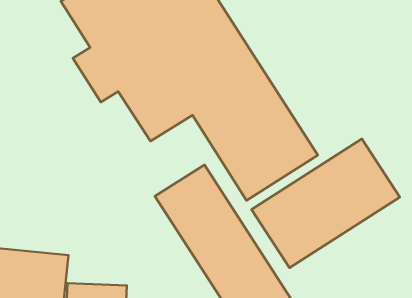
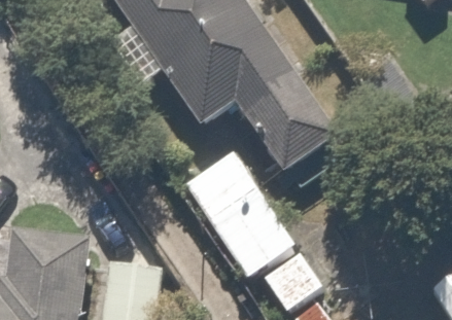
building: [252,139,400,268] -> none

